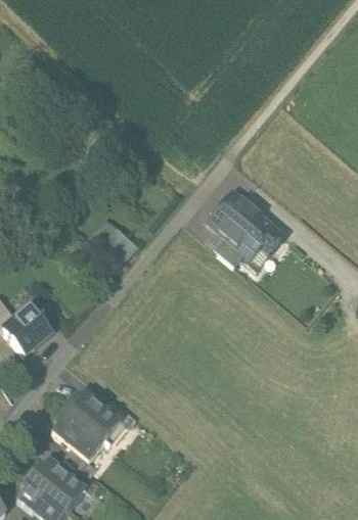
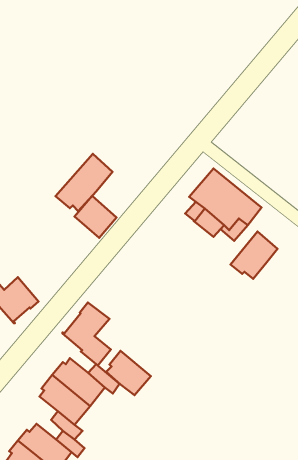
building: none -> [56,154,112,211]
building: none -> [230,232,277,279]
building: none -> [62,303,111,366]
building: none -> [106,351,151,395]

